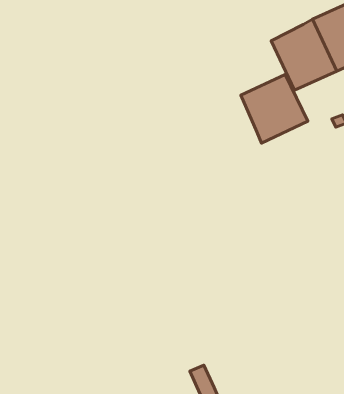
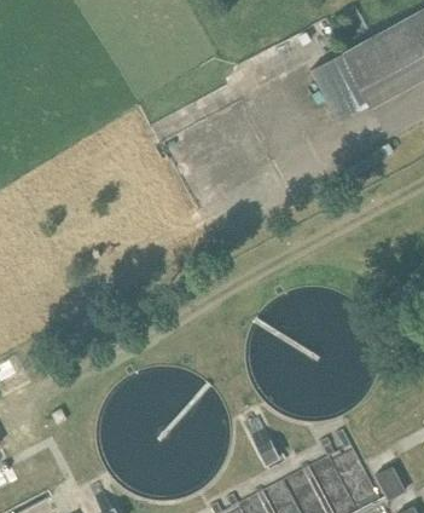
building: [241,75,308,143] -> none

